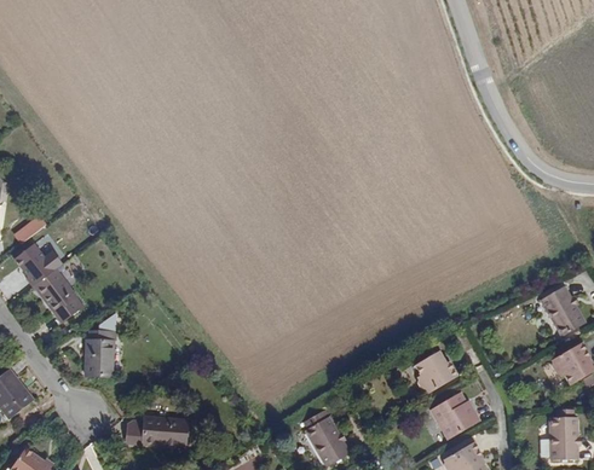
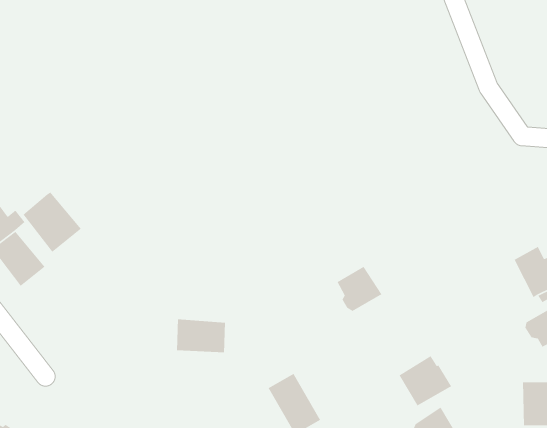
building: none -> [22,192,82,253]
building: [85,331,116,377] -> none
building: [413,349,457,394] -> [336,266,383,312]
building: [142,416,190,449] -> [176,318,226,353]

